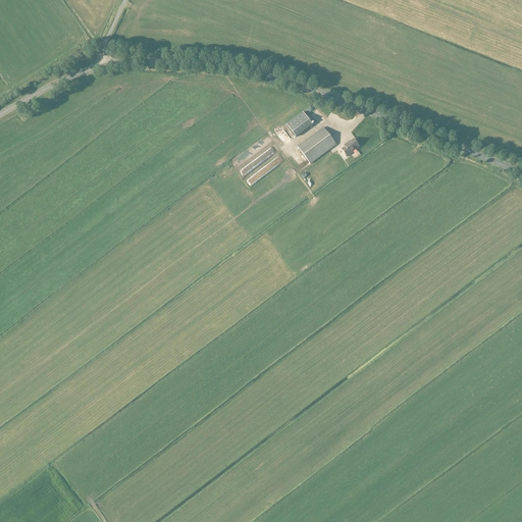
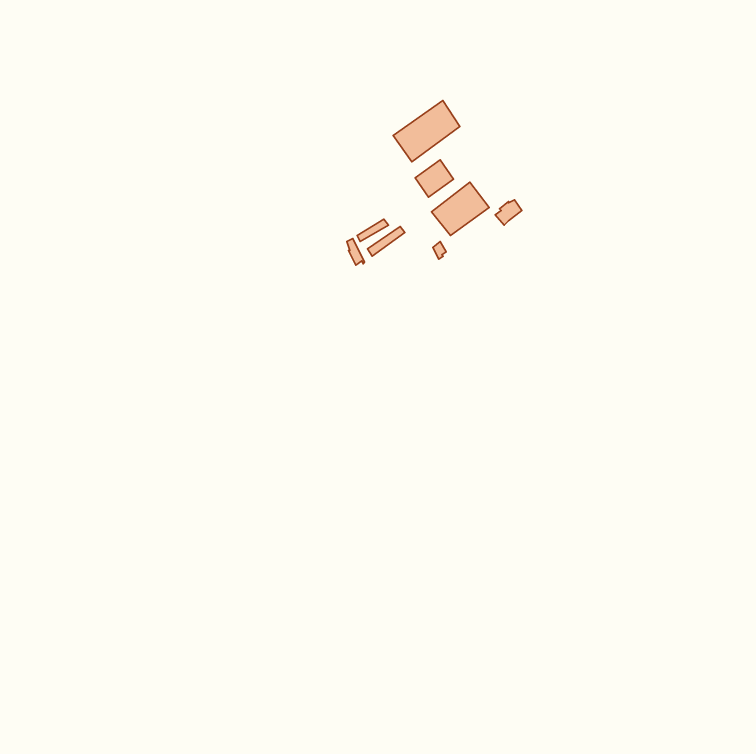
building: none -> [393,101,460,162]

